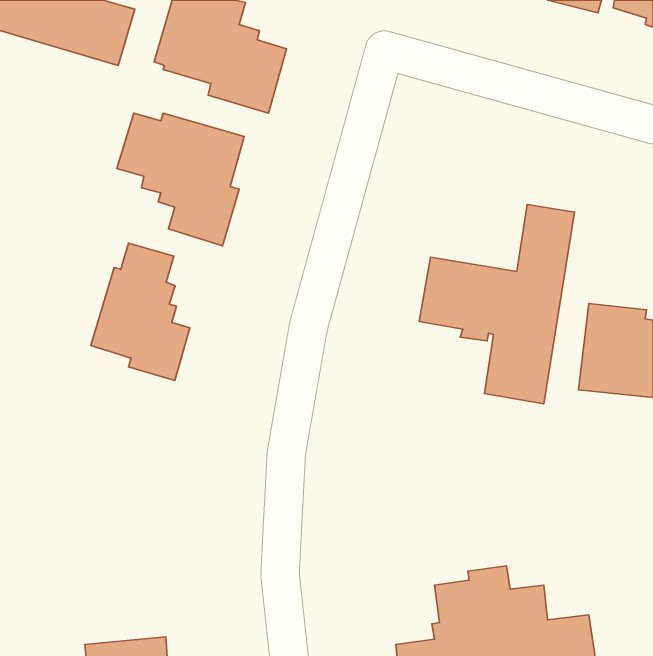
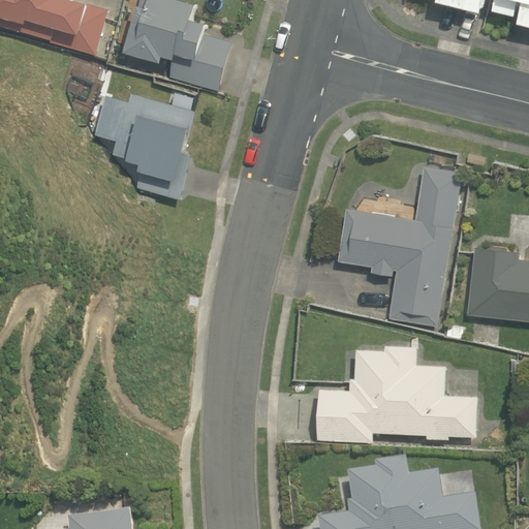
building: [91,243,190,380] -> none
building: none -> [316,341,478,442]

